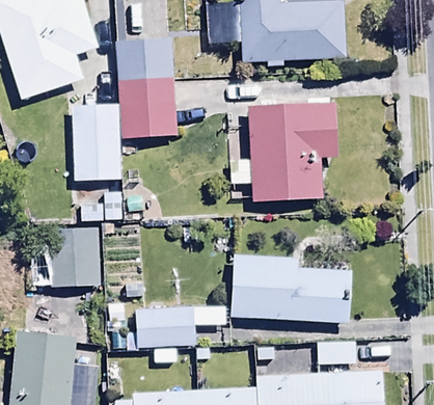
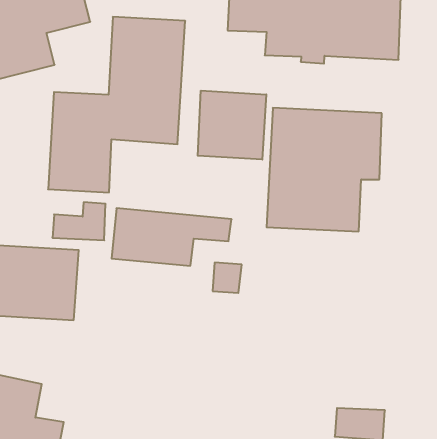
building: none -> [198,91,266,160]
building: [232,252,357,323] -> none
building: [134,305,227,347] -> [112,208,232,266]

